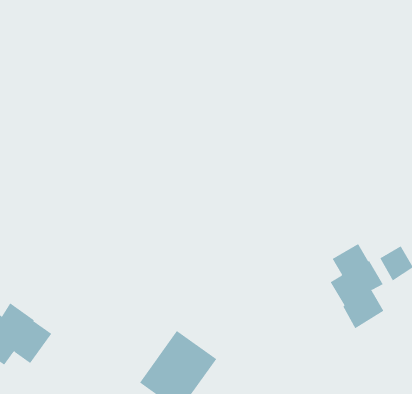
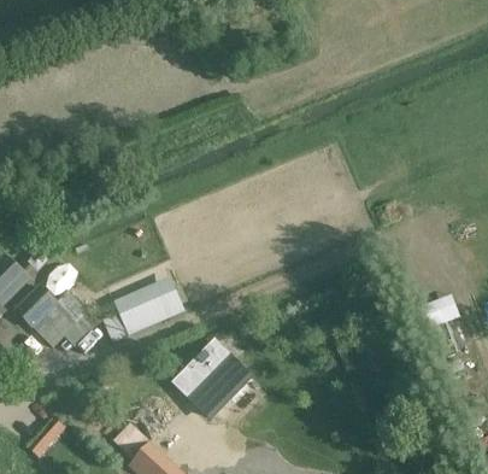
building: [330,243,384,329] -> none
building: none -> [104,276,184,341]

